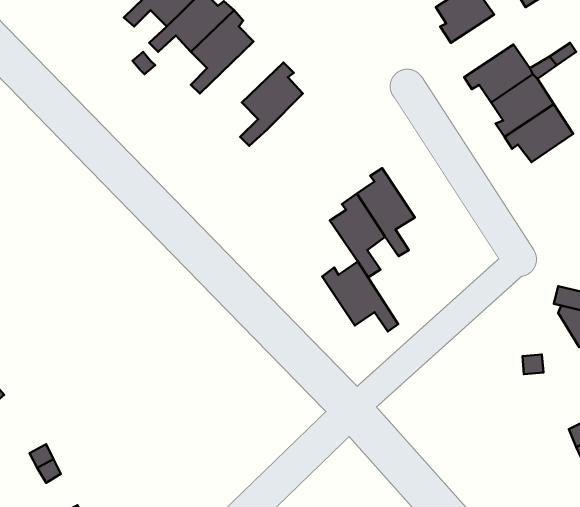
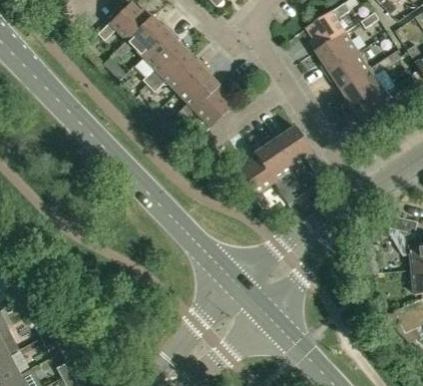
building: none -> [317,31,359,73]
building: none -> [148,49,204,91]
building: none -> [192,84,232,136]
building: [322,262,398,332] -> [271,124,322,171]

